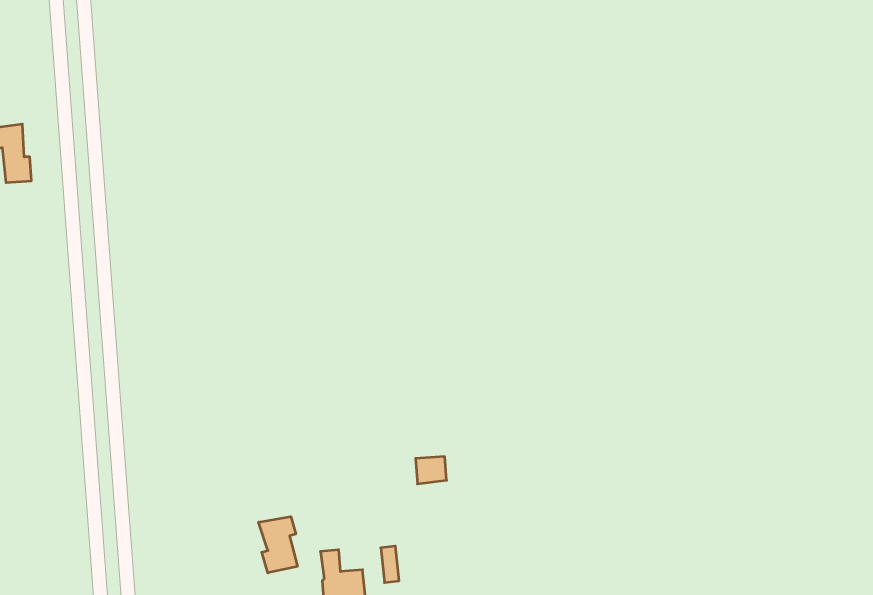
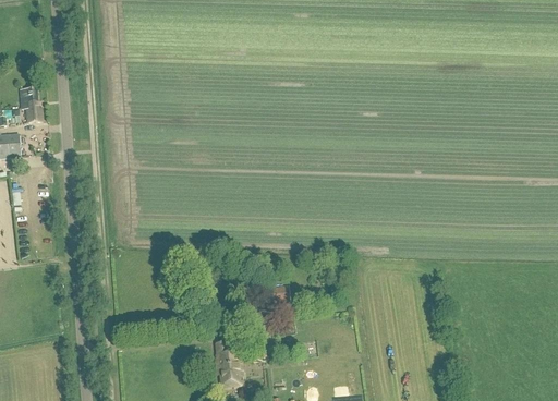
building: [259,517,297,573] -> none

